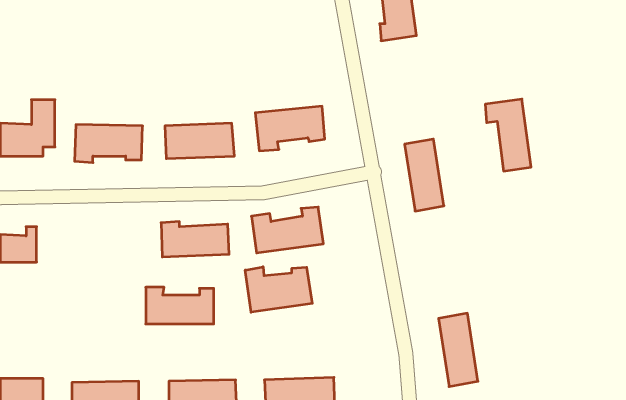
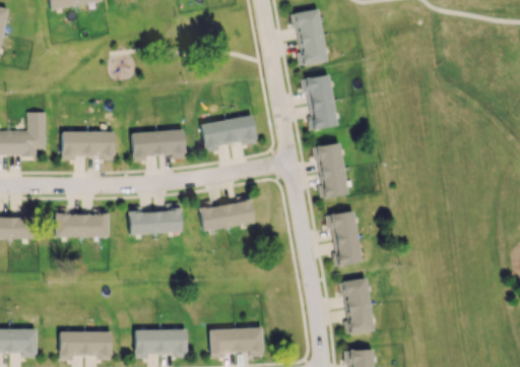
building: [485,99,531,171] -> [302,74,337,130]
building: none -> [326,210,363,266]
building: [245,267,312,312] -> none
building: [146,287,214,324] -> [56,208,109,237]

